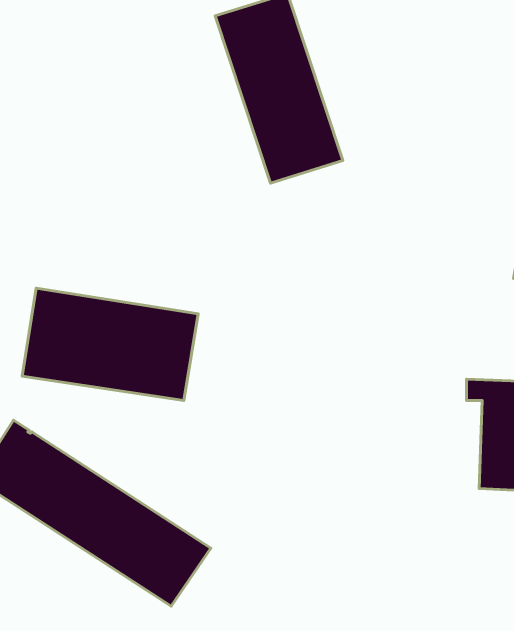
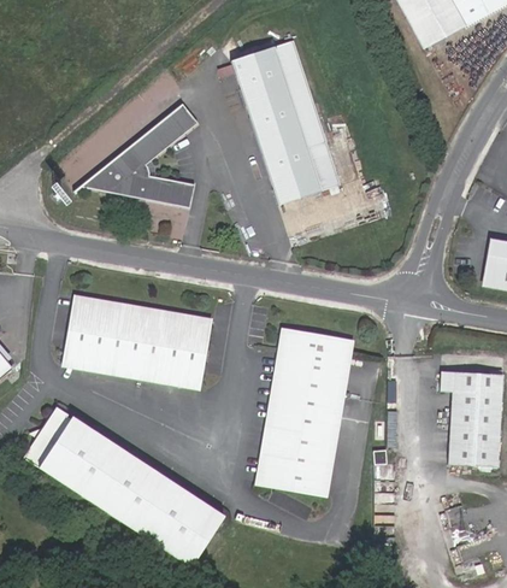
building: none -> [77,106,193,205]
building: none -> [258,325,355,495]

